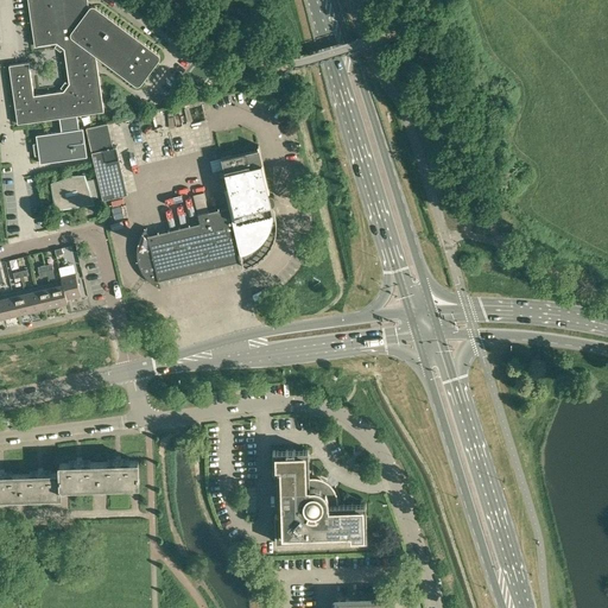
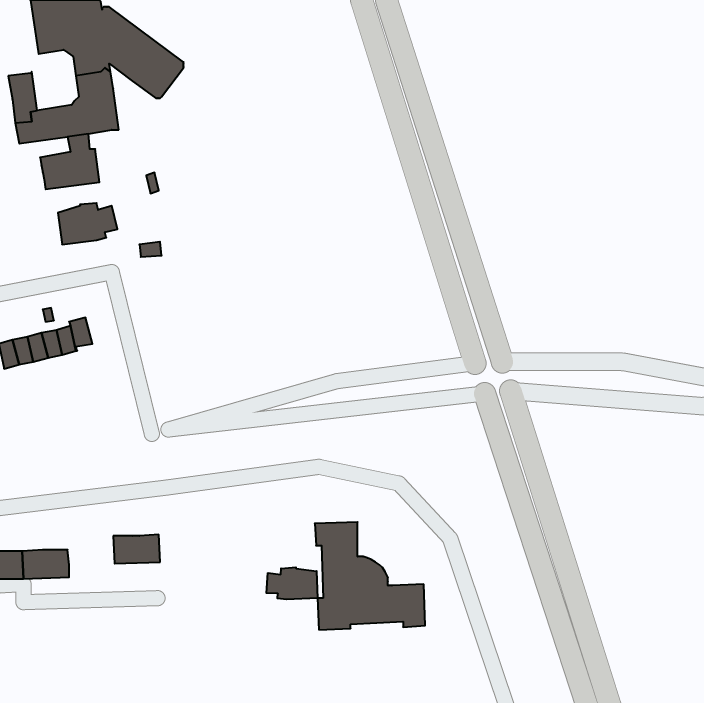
building: [84,125,126,201] -> none
building: [135,151,276,290] -> none
building: [58,463,99,488] -> none
building: none -> [266,567,317,599]

